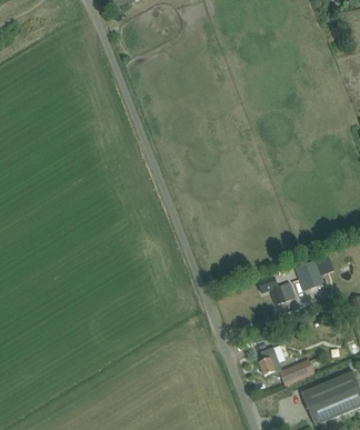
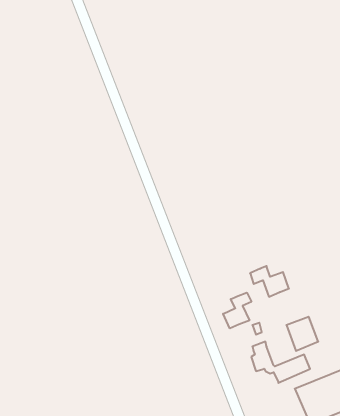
building: [294,259,324,291] -> [286,317,318,351]
building: none -> [223,293,251,328]

